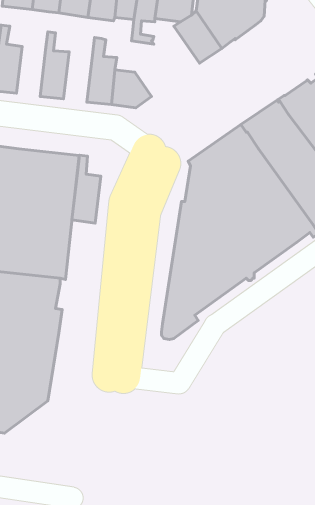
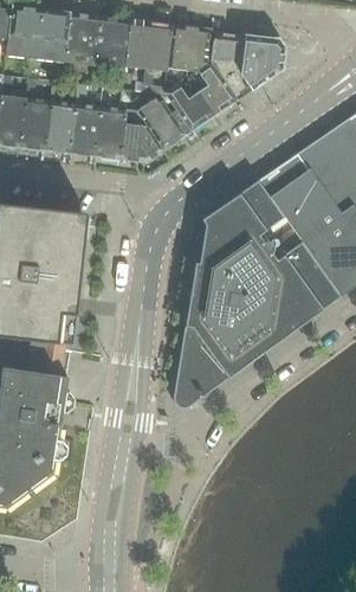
building: none -> [163,76,214,131]
building: none -> [20,78,51,150]
building: none -> [136,94,186,150]
building: [72,155,101,223] -> [70,84,101,156]

